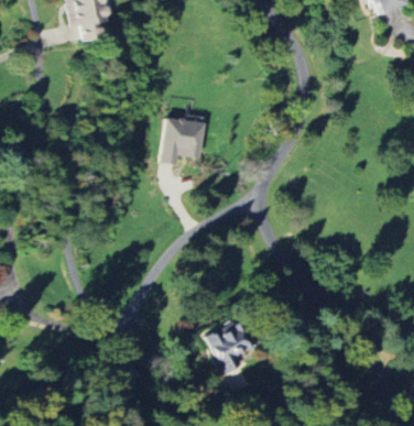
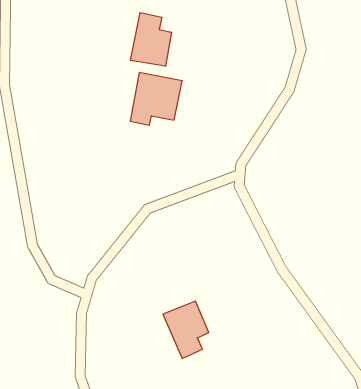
building: none -> [131,13,171,66]

